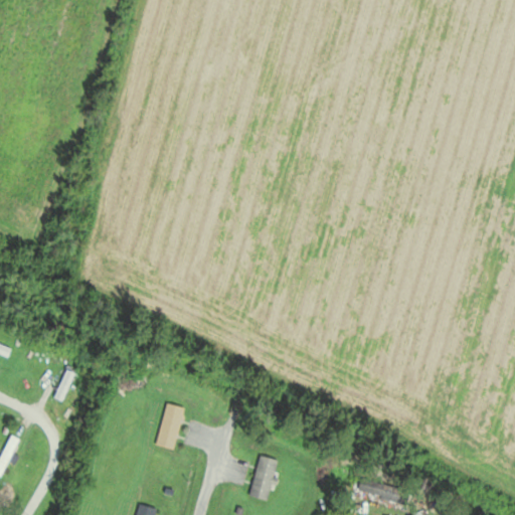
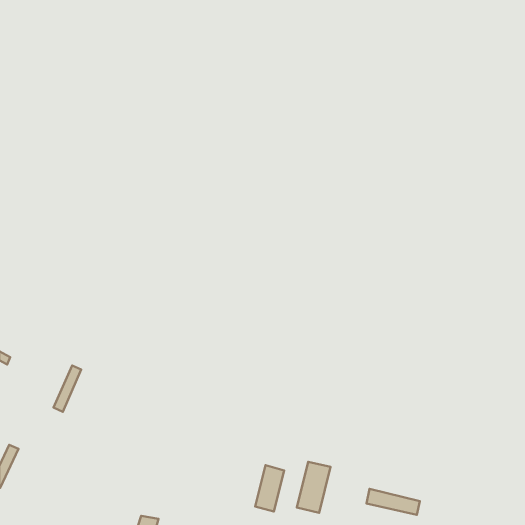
building: [155,404,184,450] -> none
building: none -> [297,462,331,513]

